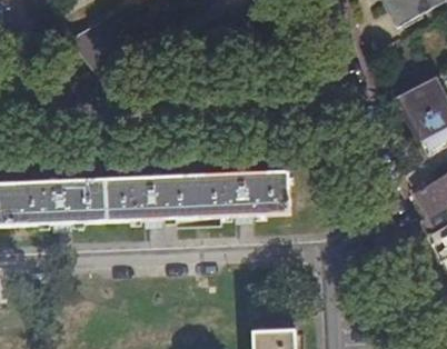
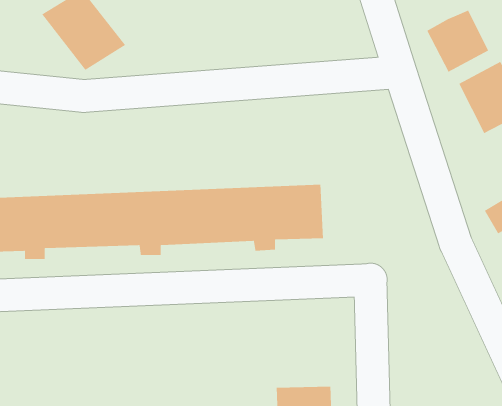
building: none -> [426,9,489,73]

